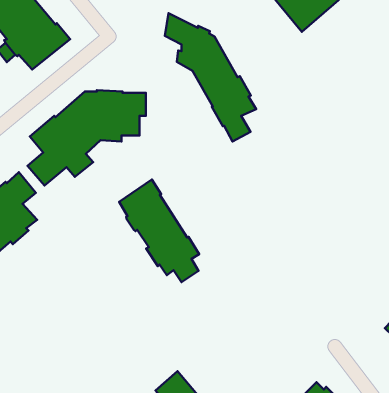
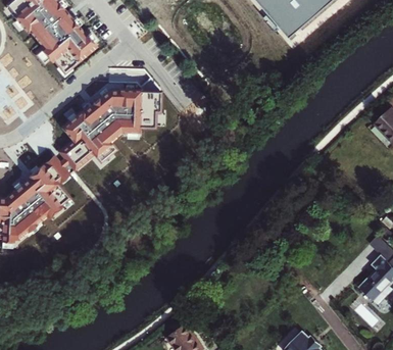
building: [165,13,256,141] -> none
building: [119,180,199,282] -> none

